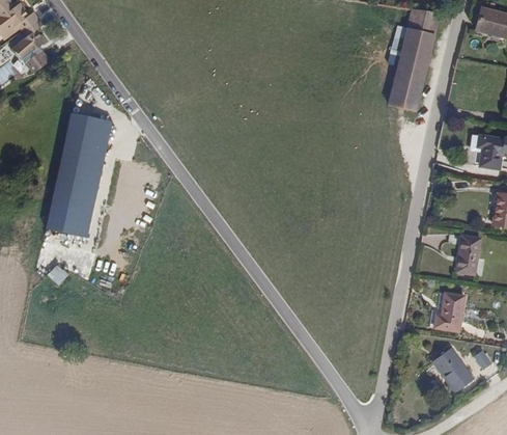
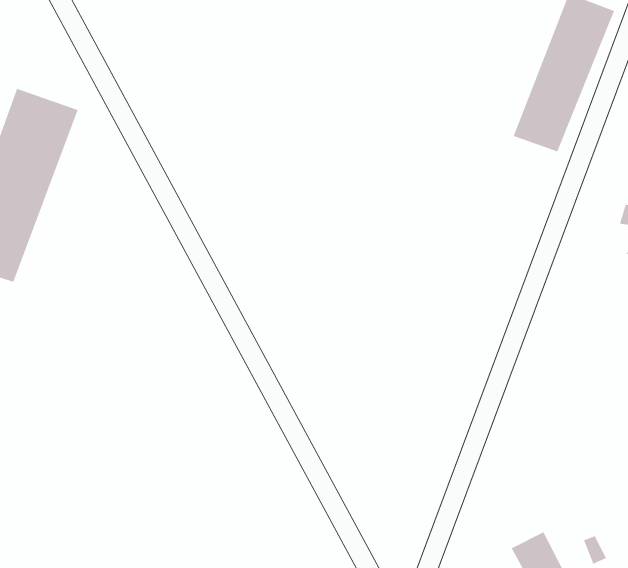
building: [455,237,479,278] -> none
building: [432,295,462,331] -> none

